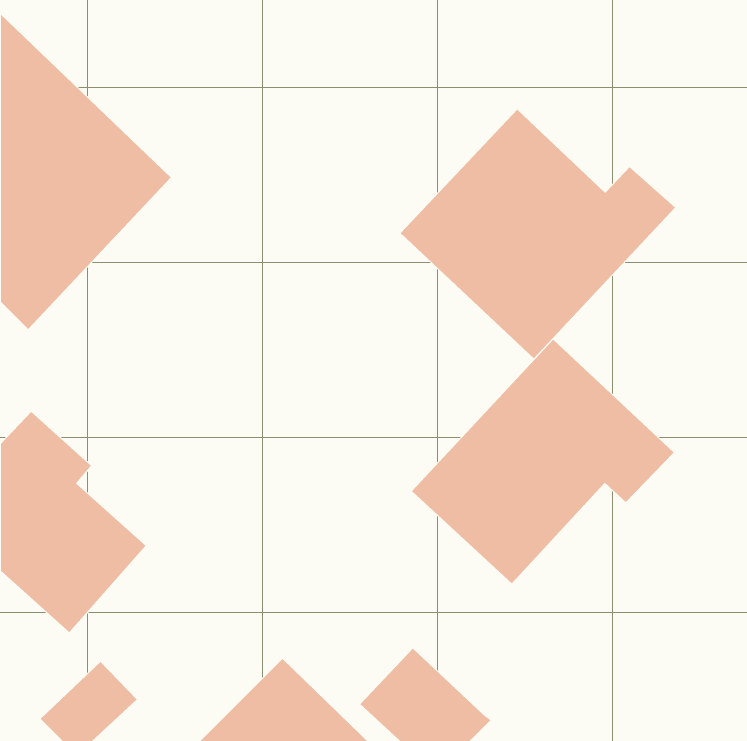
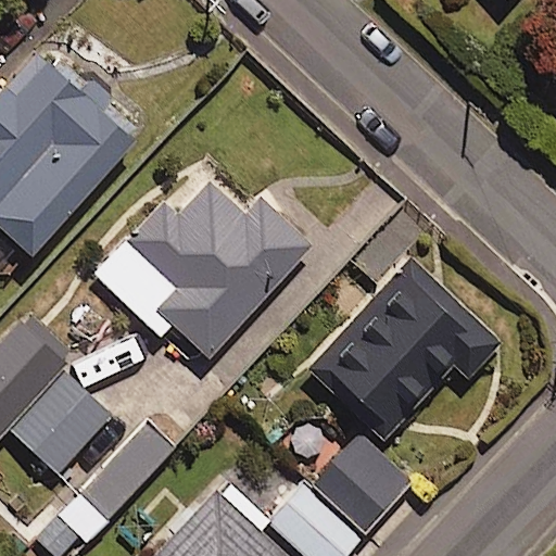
building: [400,109,676,359] -> none
building: none -> [94,175,307,355]
building: none -> [309,437,408,535]

